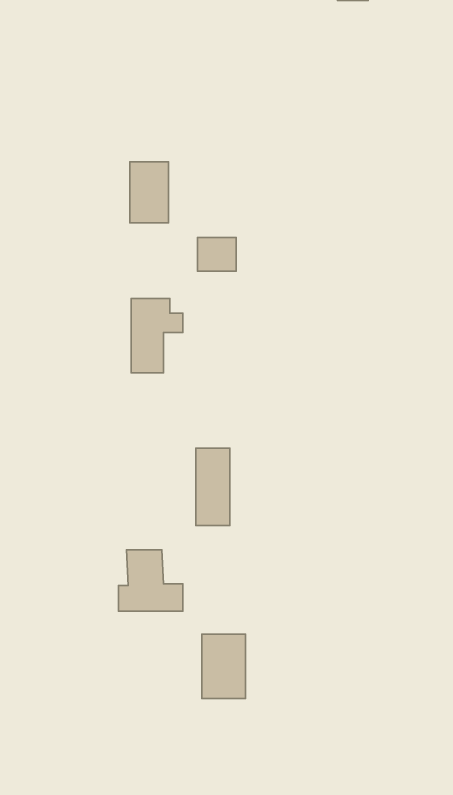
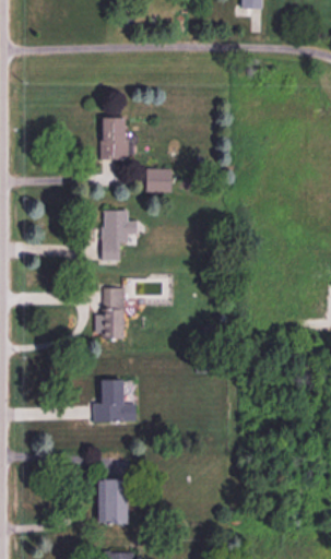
building: [196,448,230,526] -> [102,287,125,340]
building: [202,634,245,699] -> [96,480,126,524]

